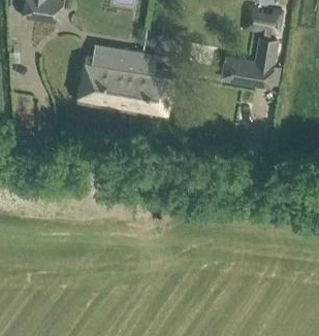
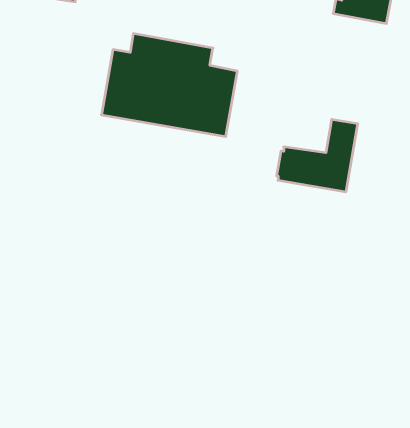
building: [221,36,279,88] -> [277,119,358,192]

